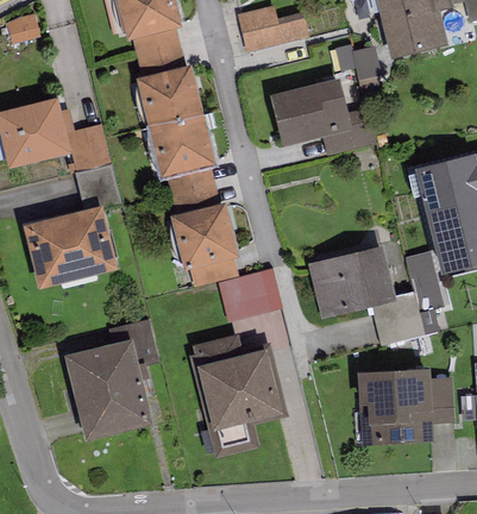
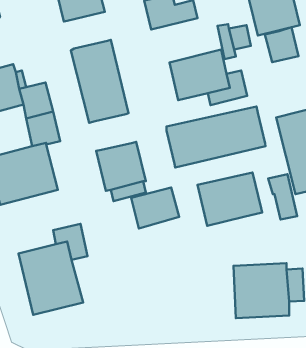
building: [131,27,186,76] -> none
building: none -> [265,27,299,62]
building: none -> [166,106,266,167]
building: [169,165,220,214] -> none
building: [371,290,423,343] -> none
building: [189,333,288,456] -> none

